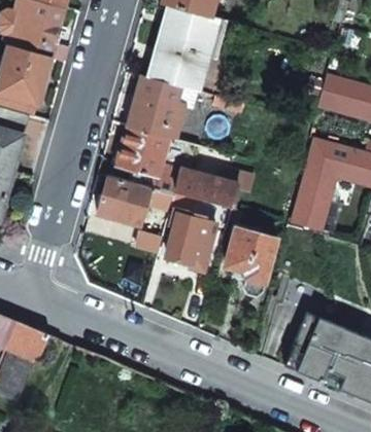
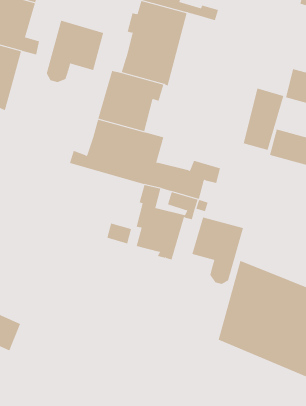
building: none -> [46,20,104,83]
building: [286,167,329,230] -> [243,88,284,150]
building: [98,175,175,229] -> none

